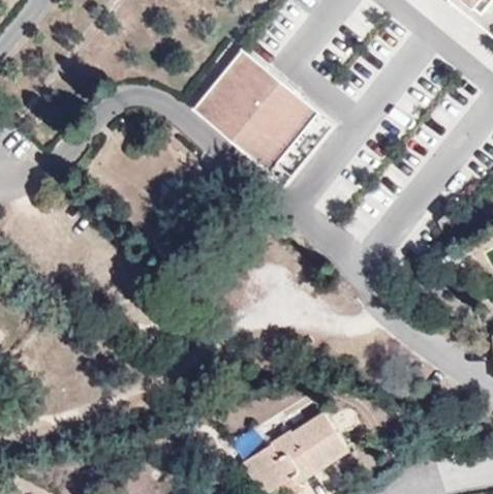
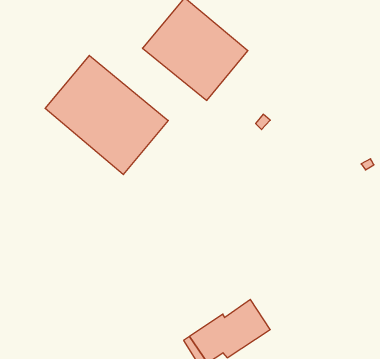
building: none -> [45,55,168,175]

